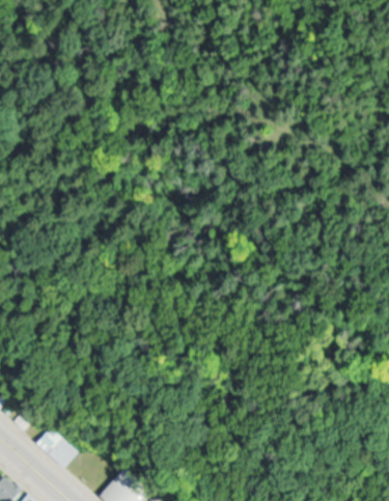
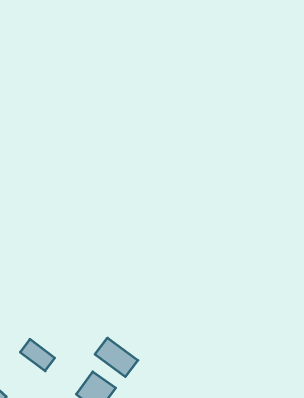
building: none -> [95,338,138,377]

